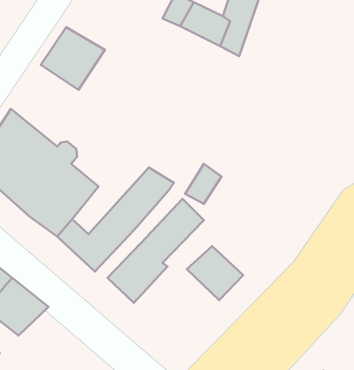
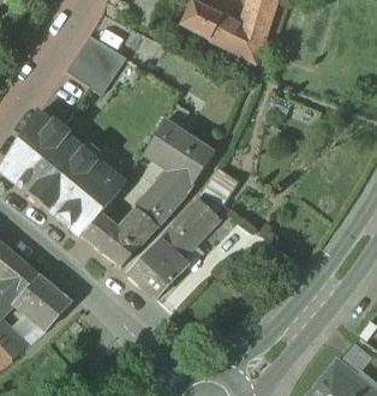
building: none -> [144,120,207,181]
building: [187,246,243,300] -> none

